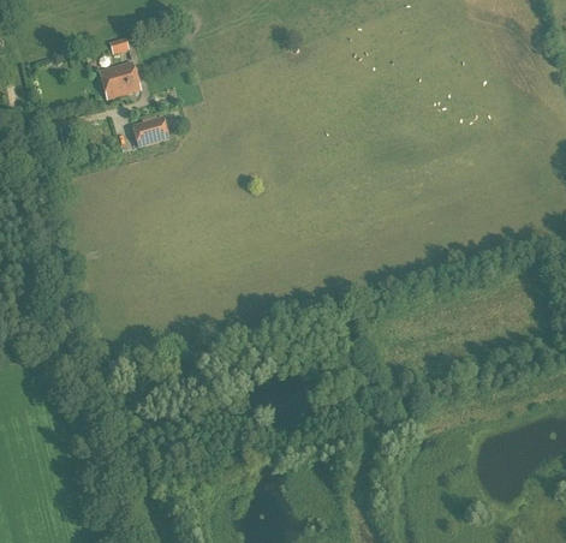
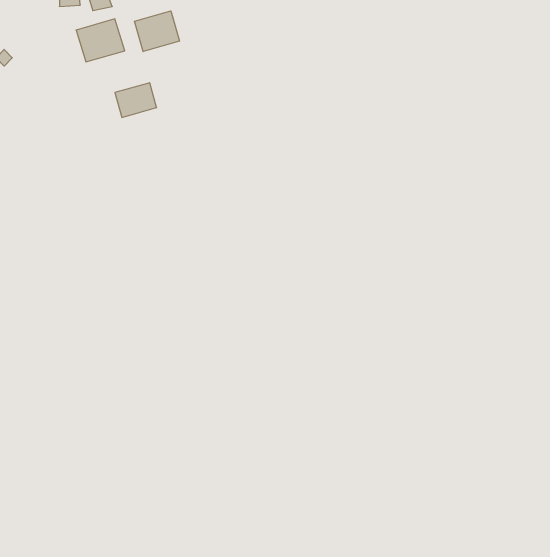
building: none -> [134,11,179,52]

